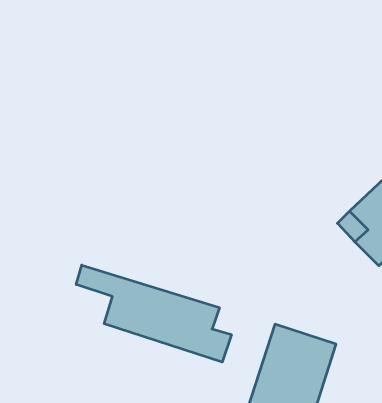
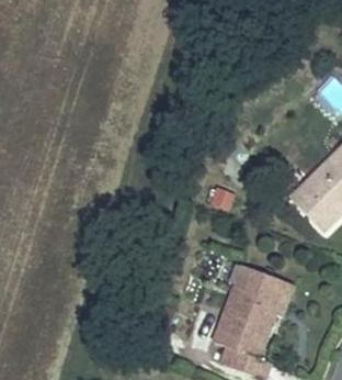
building: [76,265,231,362] -> none

